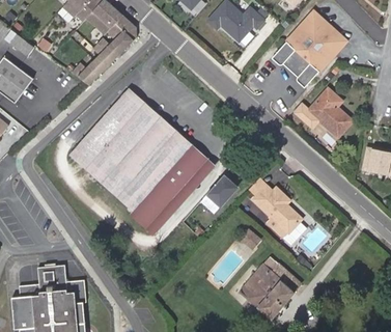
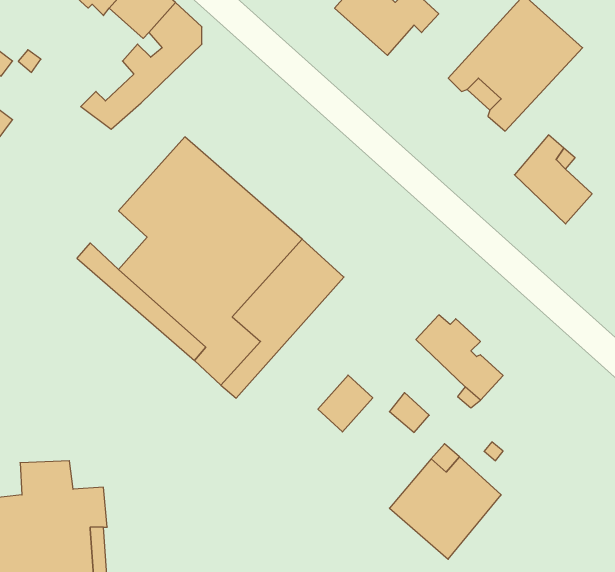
building: [76,129,107,161] -> none
building: [206,175,236,206] -> [318,375,373,432]

